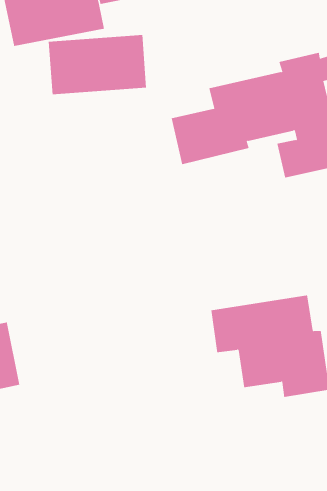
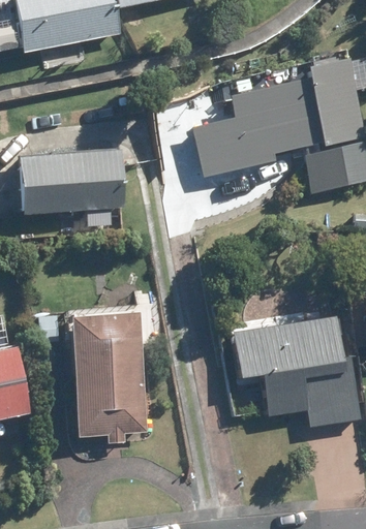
building: [48,35,147,95] -> [20,150,125,214]
building: none -> [71,314,147,443]

